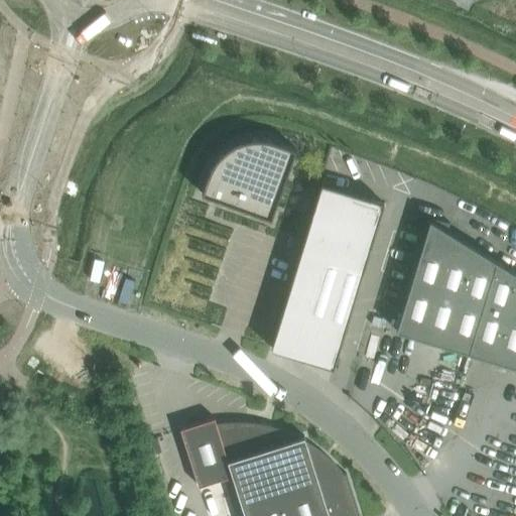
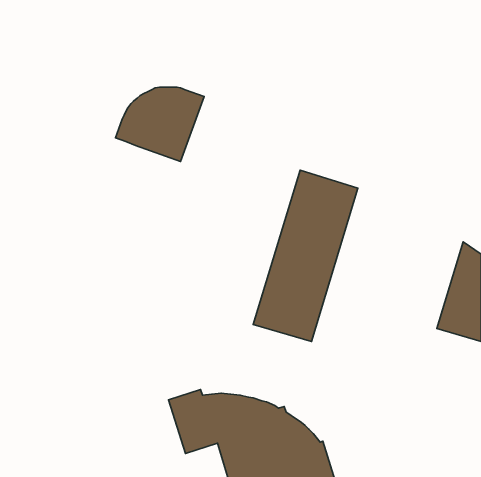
building: [202,142,296,222] -> [116,87,204,161]
building: [396,220,496,356] -> none

